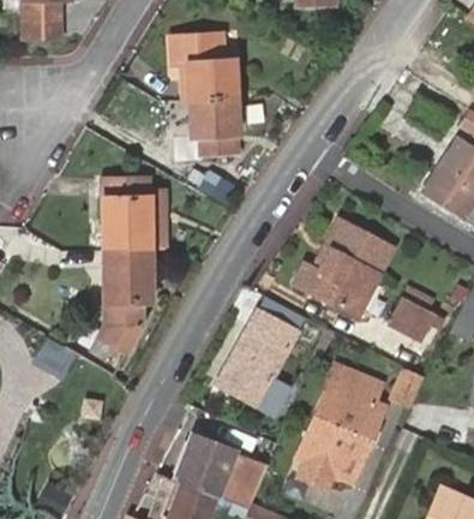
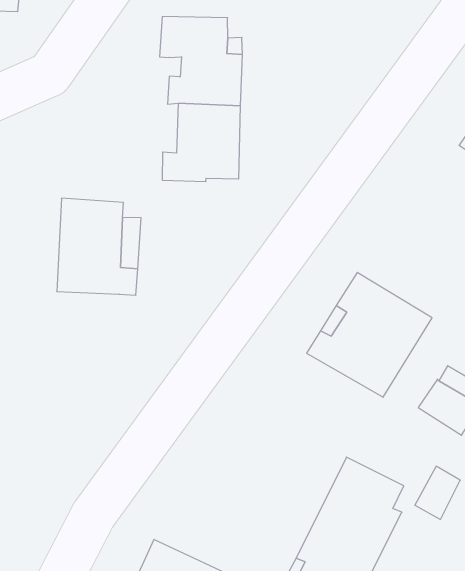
building: [86,249,152,372] -> none
building: [218,296,306,416] -> none

